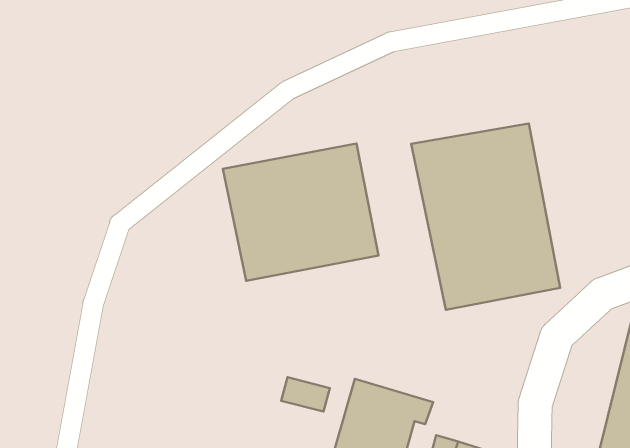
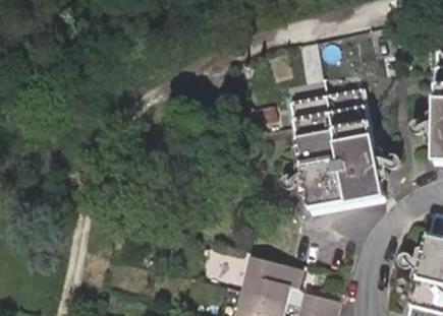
building: [223,143,379,281] -> none

